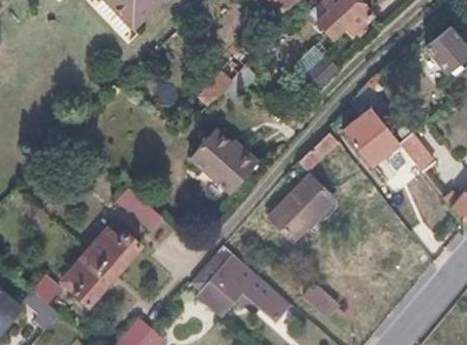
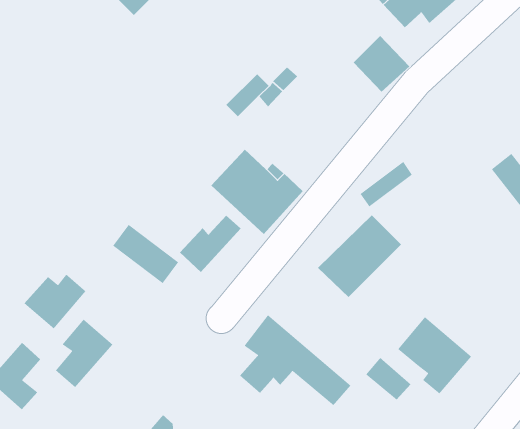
building: [346,113,398,165] -> none
building: none -> [179,215,241,273]
building: [92,233,140,275] -> [24,273,87,329]
building: none -> [397,316,472,395]

